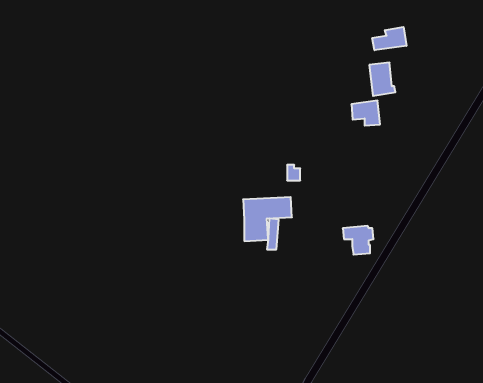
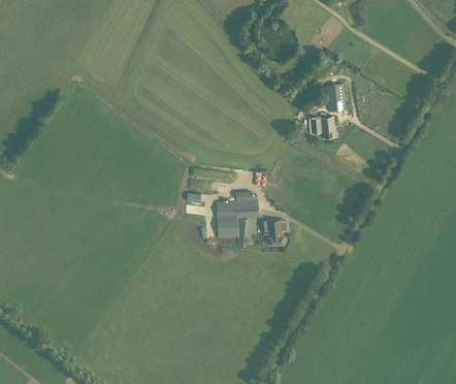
building: [372,27,406,50] -> none
building: [343,226,374,255] -> [258,219,285,244]

